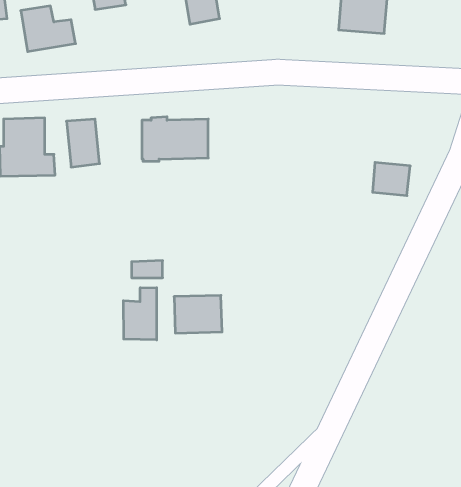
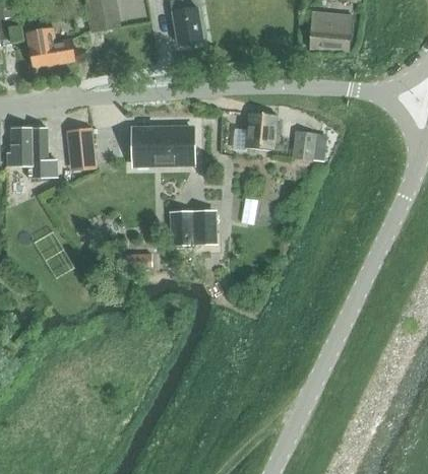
building: none -> [245,111,277,149]
building: [373,162,410,196] -> [292,131,325,160]
building: [123,288,157,340] -> none
building: [174,295,222,333] -> [171,210,213,244]

